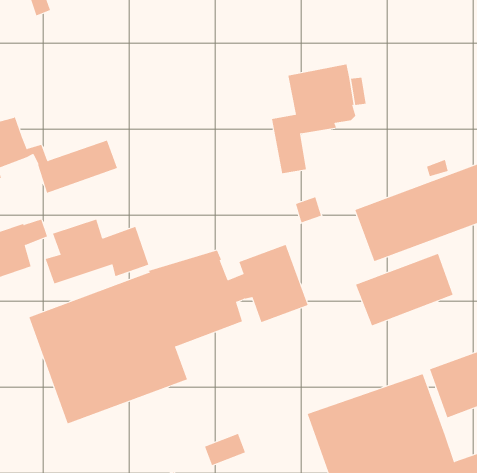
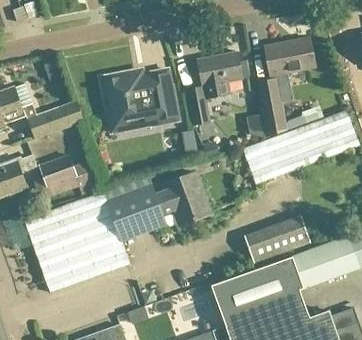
building: none -> [257,37,316,137]
building: none -> [101,69,178,131]
building: [355,253,453,326] -> [245,216,311,265]

